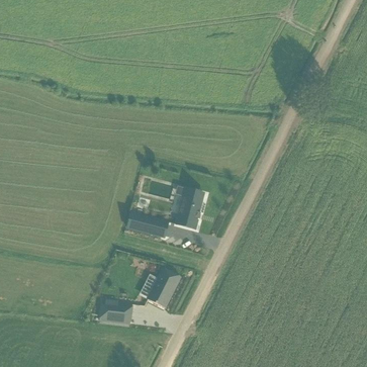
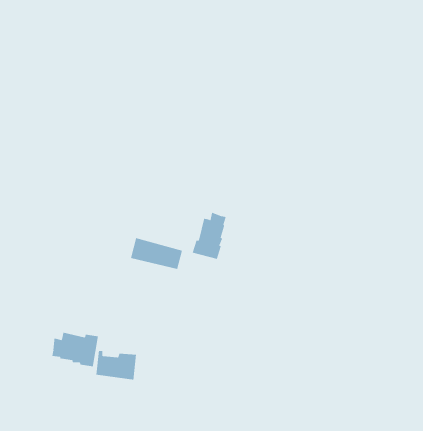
building: [146,267,179,307] -> none
building: none -> [52,332,99,367]

